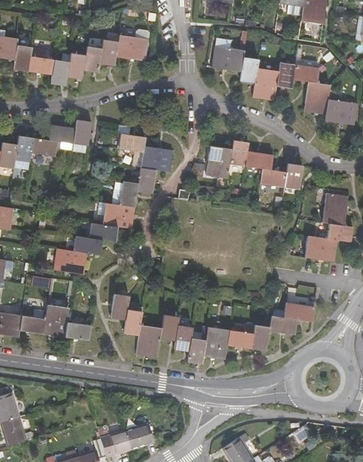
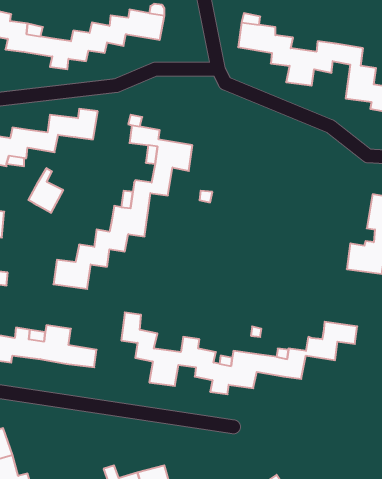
building: [206,139,303,189] -> none
building: none -> [28,168,63,213]

